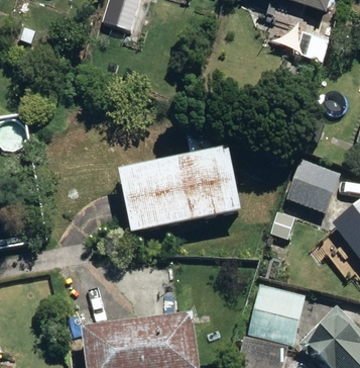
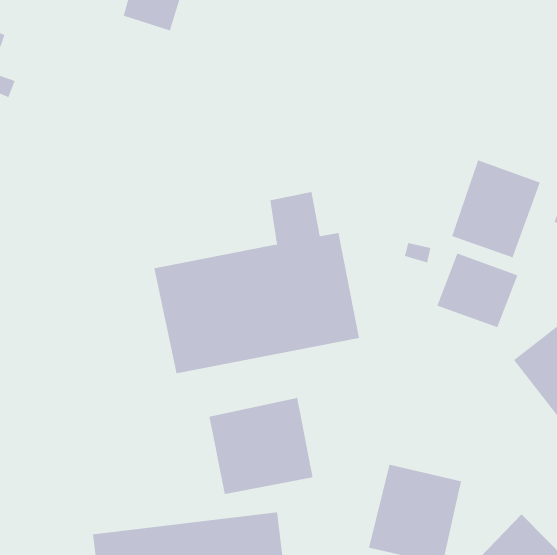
building: none -> [451,160,540,258]
building: none -> [209,397,313,495]

